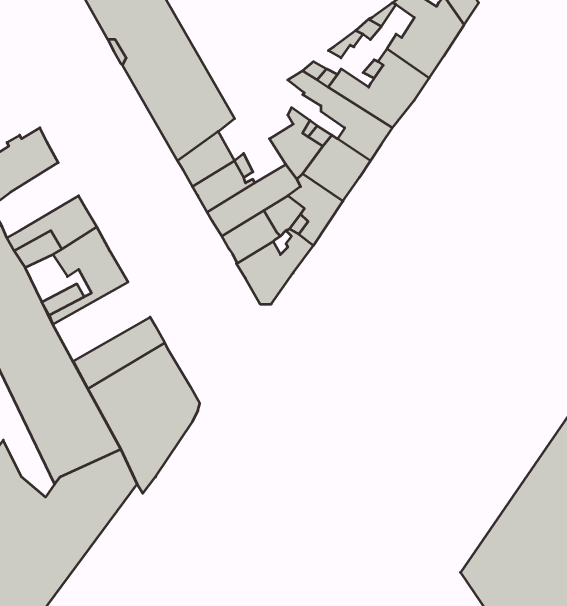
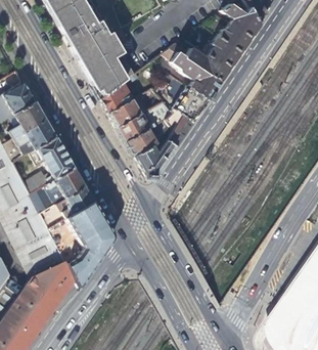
building: none -> [7,101,45,139]
building: none -> [31,168,85,212]

